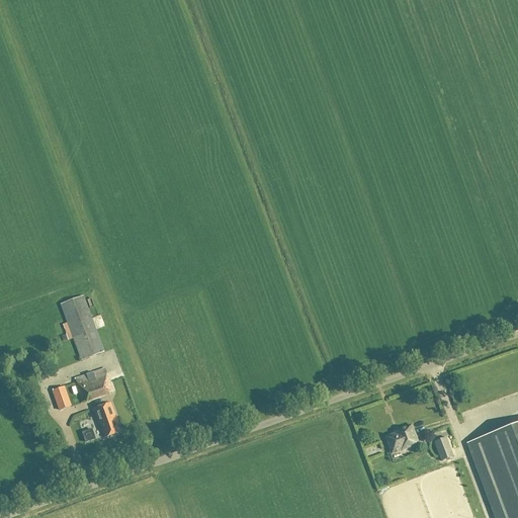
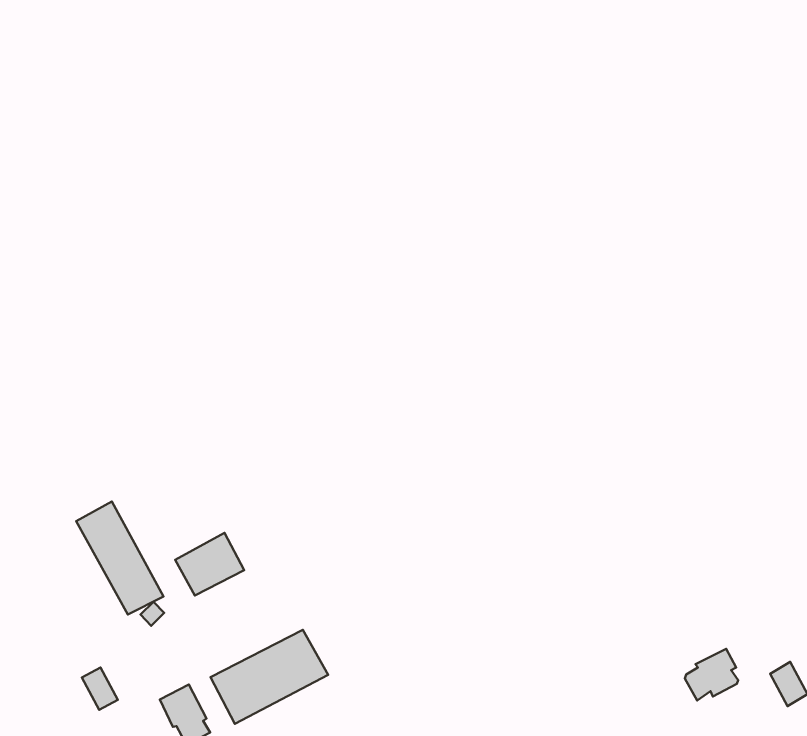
building: [74,366,111,399] -> [175,533,244,595]
building: none -> [211,630,328,724]

